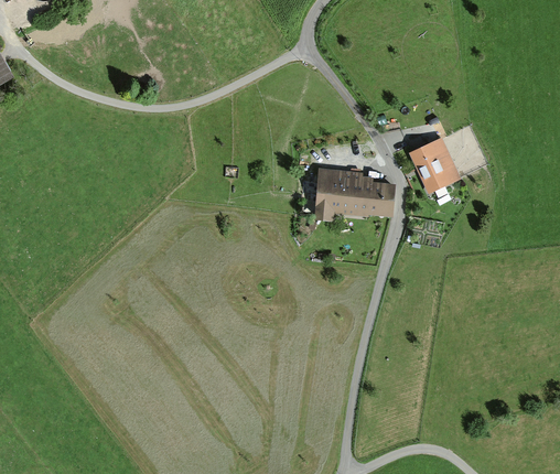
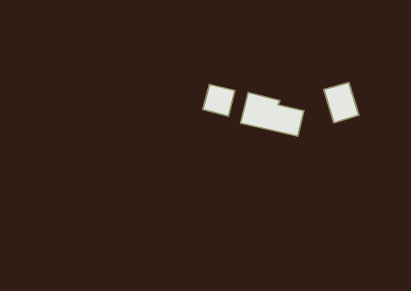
building: none -> [203,84,235,116]

